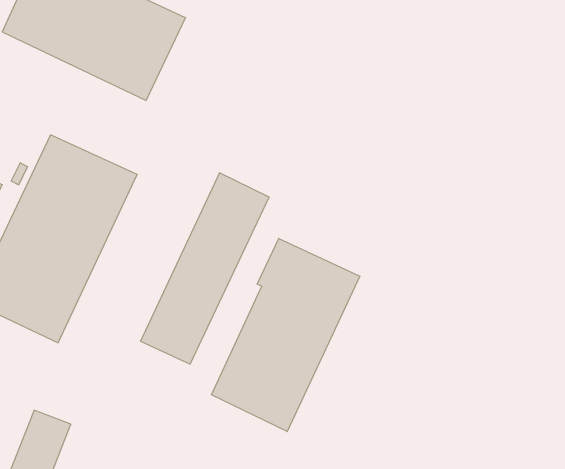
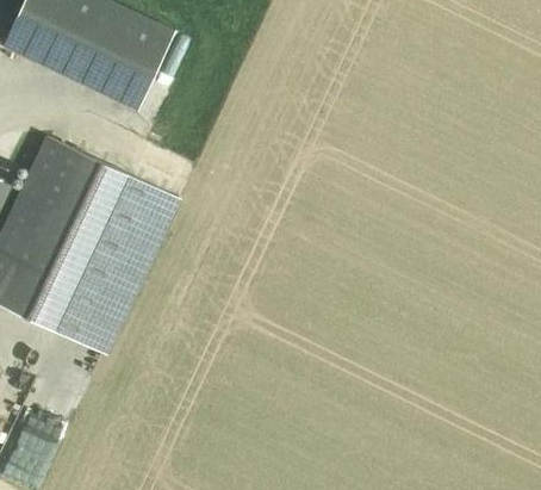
building: [140,173,269,364] -> [56,175,176,354]
building: [212,238,360,432] -> none

